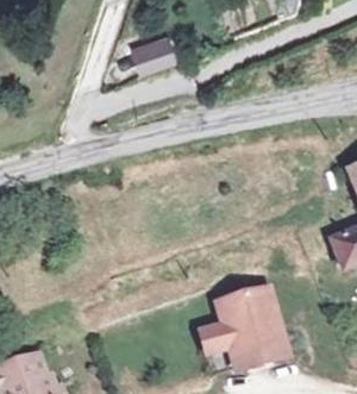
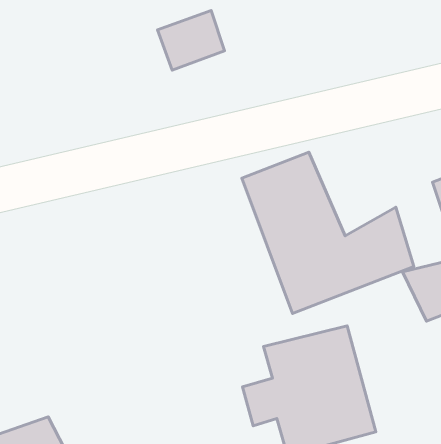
building: none -> [242,152,414,314]

